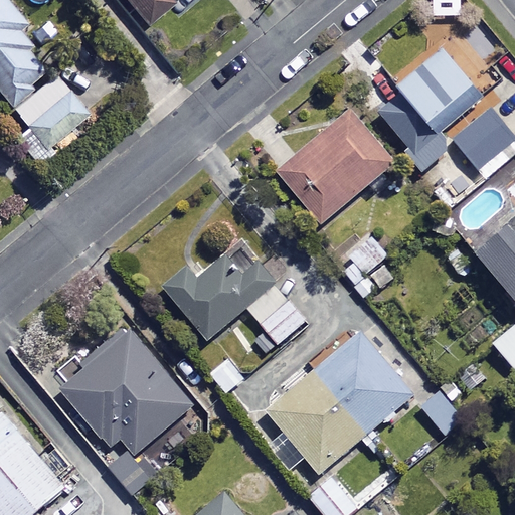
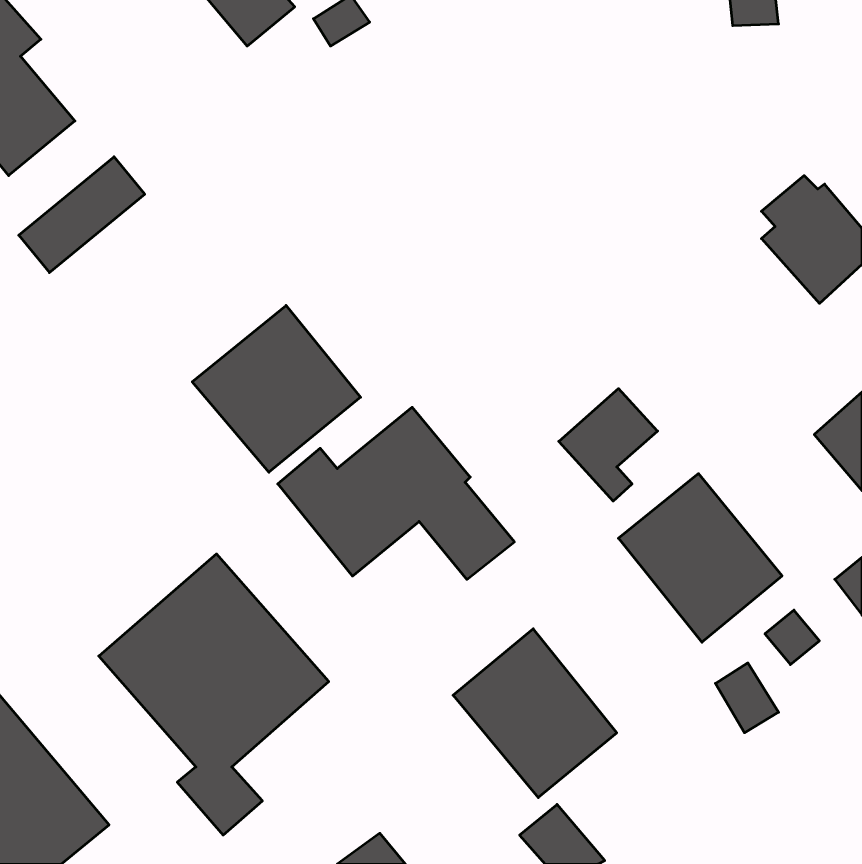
building: [377,55,478,151] -> none
building: [277,110,395,224] -> none
building: none -> [192,305,361,472]
building: [315,333,411,433] -> [618,474,782,642]

